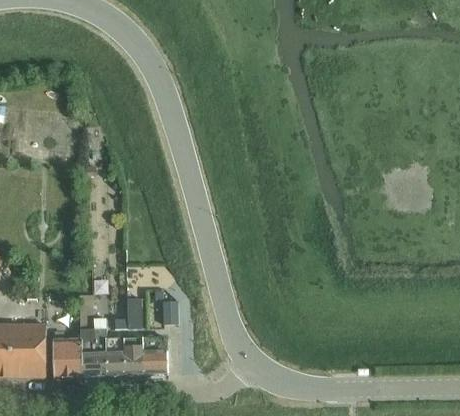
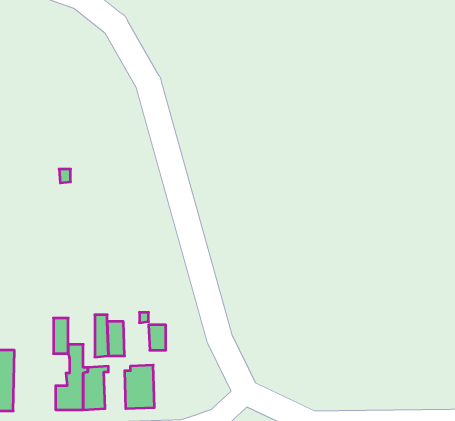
building: [52,331,93,377] -> none
building: [123,338,146,375] -> none

